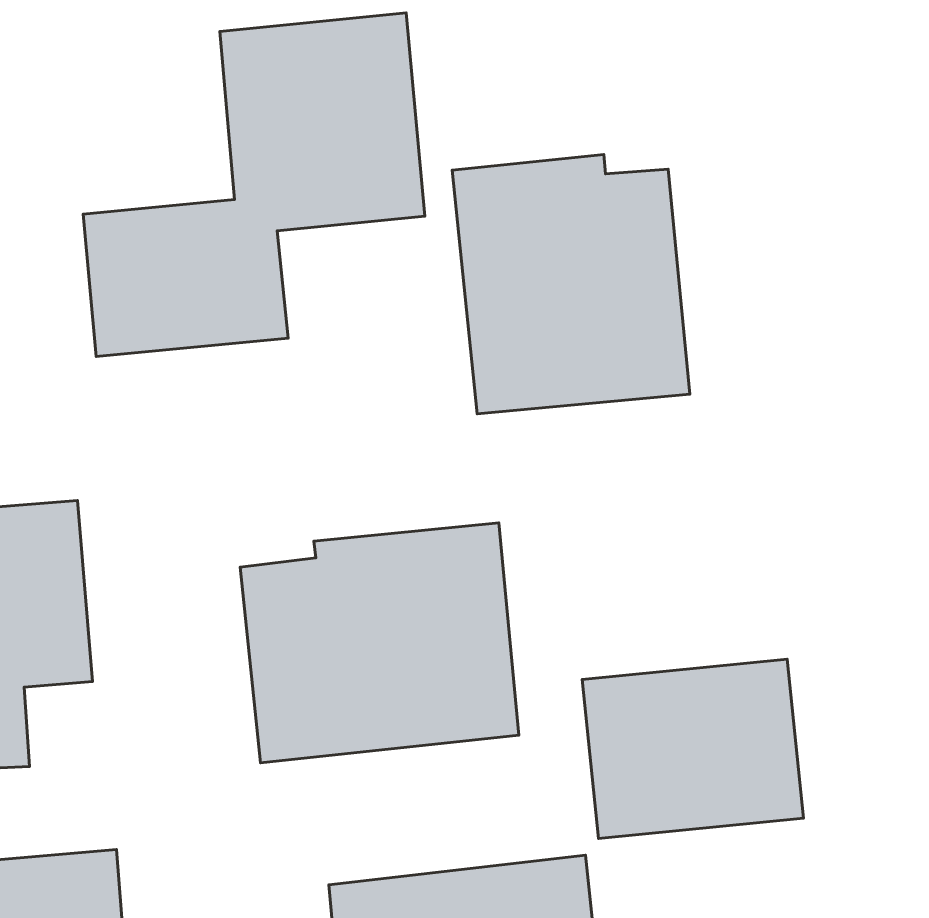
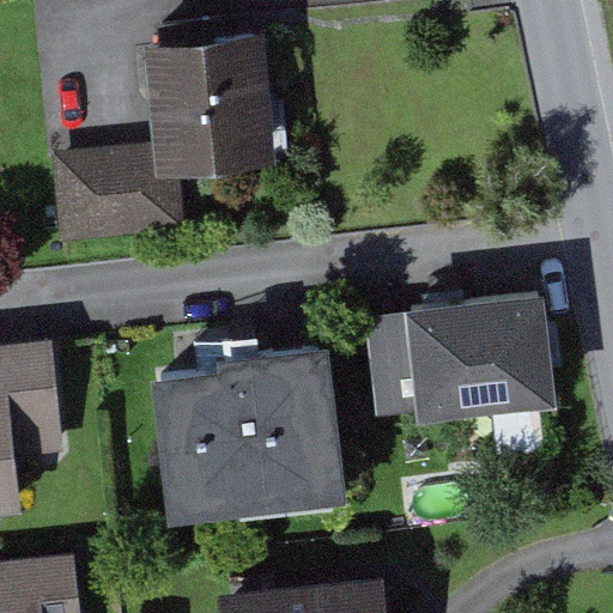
building: [452,155,690,414] -> none
building: [582,659,804,838] -> [406,304,550,420]

